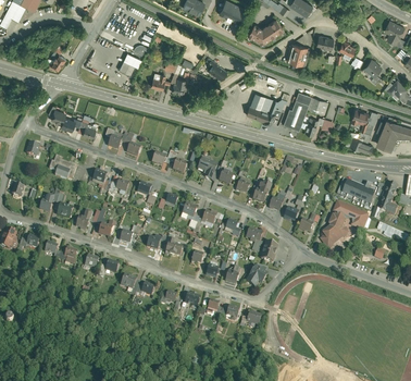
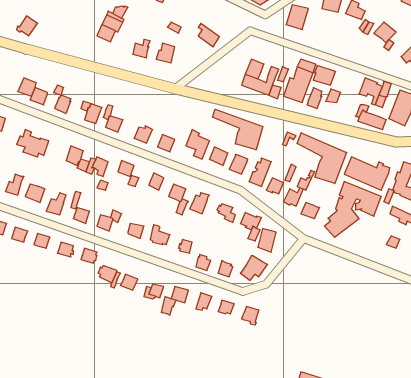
building: none -> [213,109,263,150]
building: none -> [297,133,347,184]

